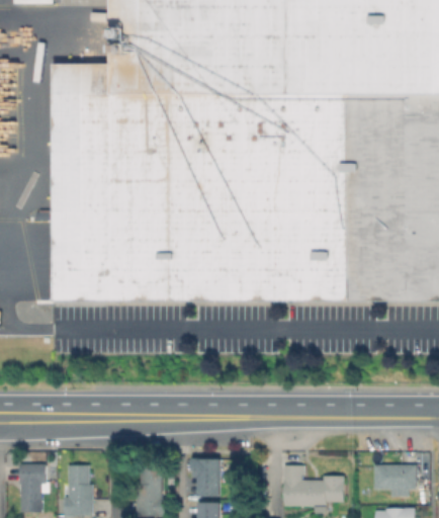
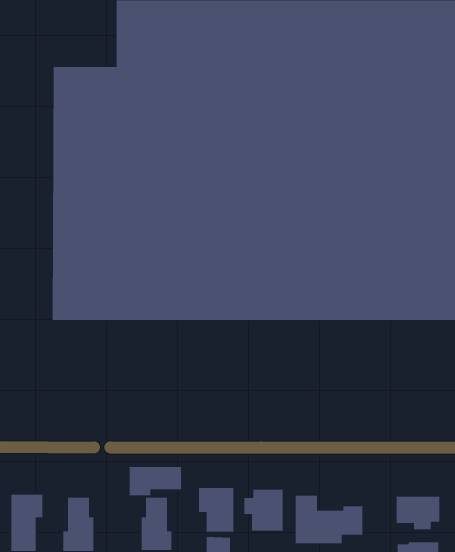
building: none -> [129,466,182,496]
building: none -> [244,489,283,531]

